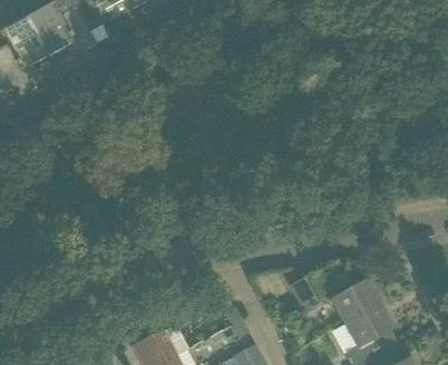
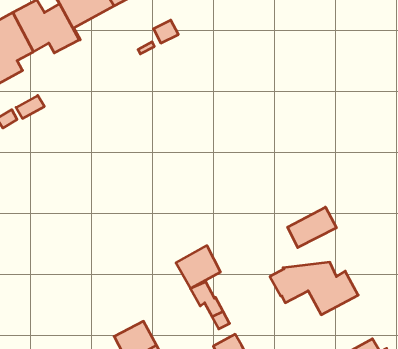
building: none -> [288,207,336,248]
building: none -> [176,246,220,288]
building: [344,304,396,348] -> none

